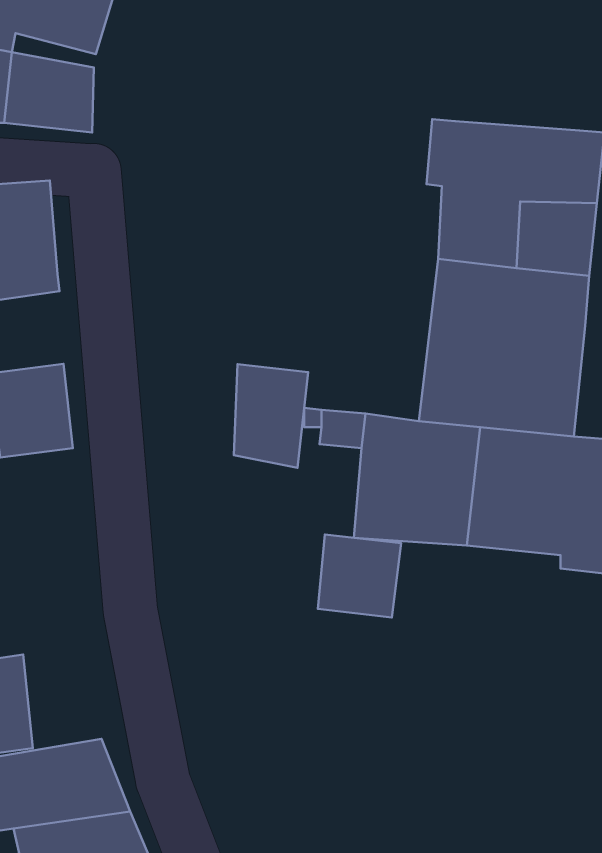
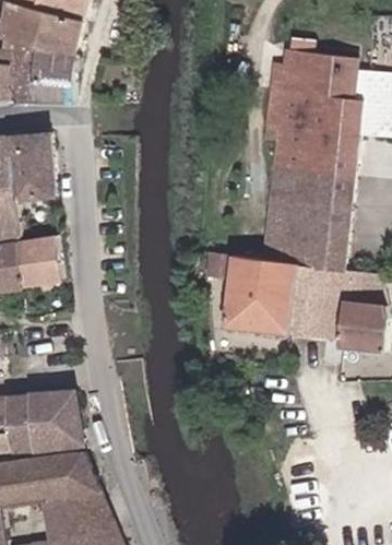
building: none -> [280,50,354,97]
building: [234,364,308,468] -> none
building: [318,535,401,617] -> none
building: none -> [33,392,88,450]

